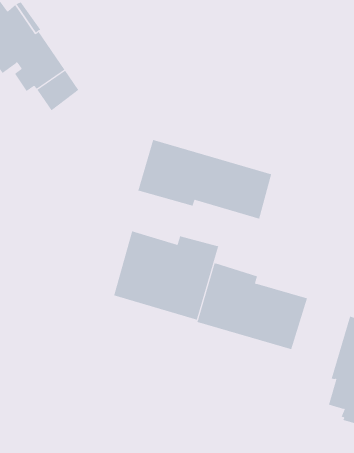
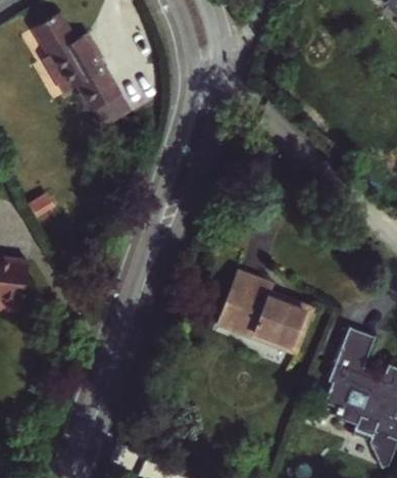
building: [137,139,272,219] -> none
building: [113,231,219,320] -> none

